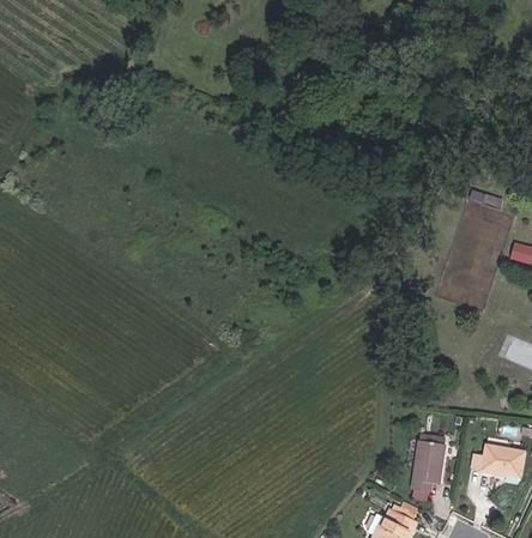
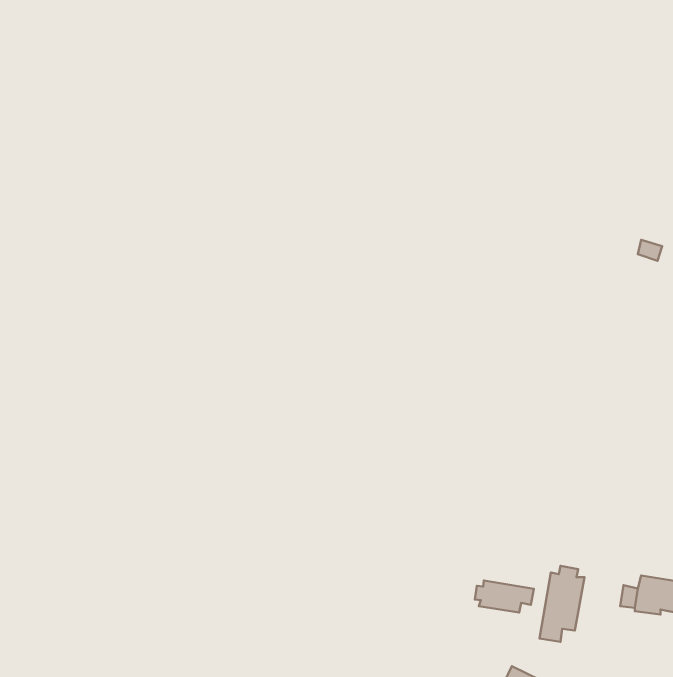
building: none -> [475,580,534,612]

